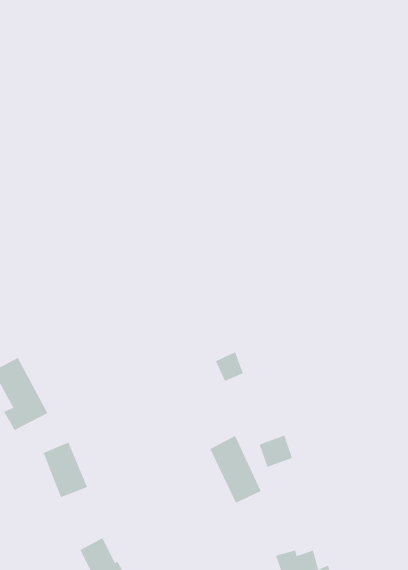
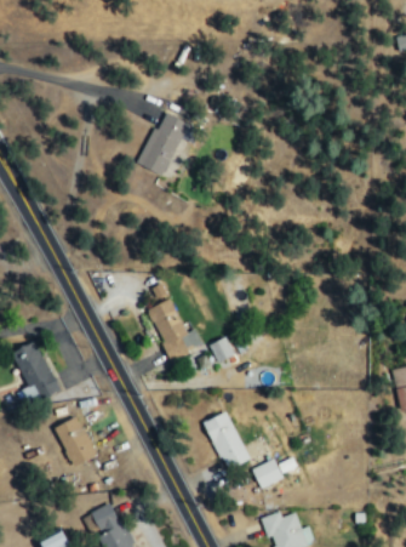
building: none -> [138,110,188,175]
building: none -> [148,298,201,358]
building: [259,435,293,468] -> [252,458,282,488]

